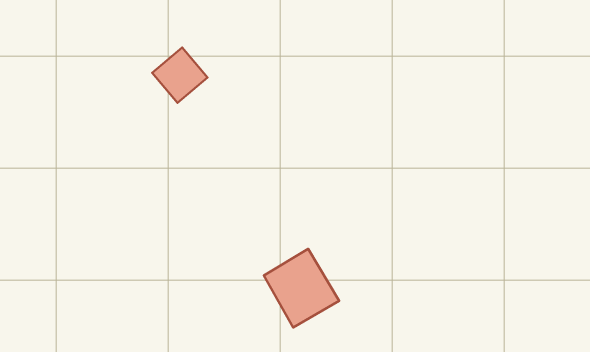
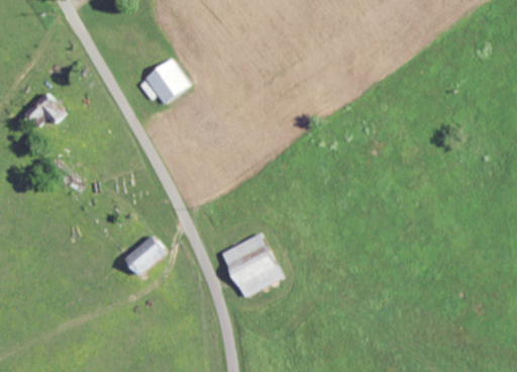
building: none -> [27,92,66,123]
building: none -> [123,235,166,276]

